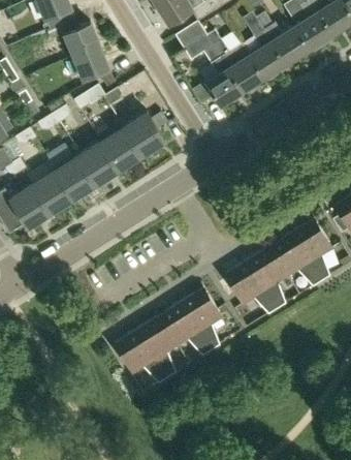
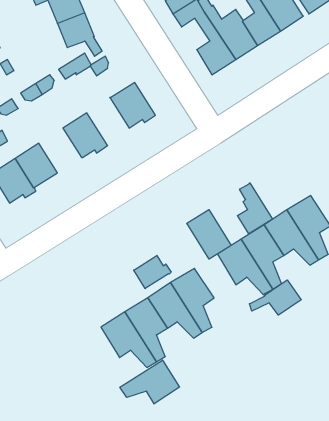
building: [96,121,141,170] -> none
building: [56,156,99,198] -> none
building: none -> [237,183,273,234]
building: none -> [187,210,231,259]
building: none -> [134,255,171,289]
building: none -> [249,280,301,315]
building: none -> [120,360,180,404]

